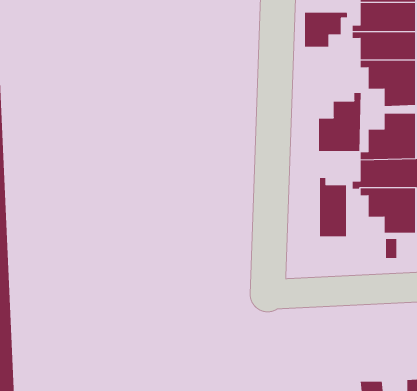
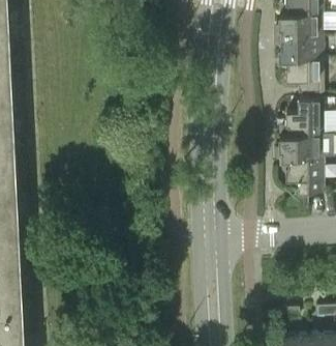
building: [304,12,347,48] -> none
building: [319,92,361,152] -> none
building: [319,177,346,237] -> none

